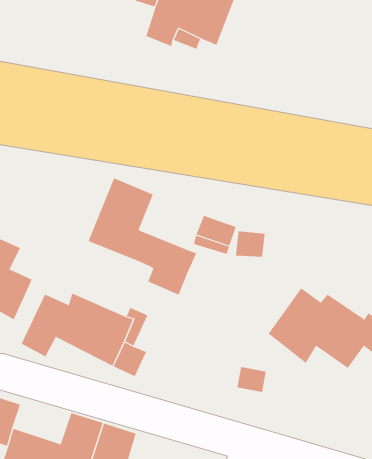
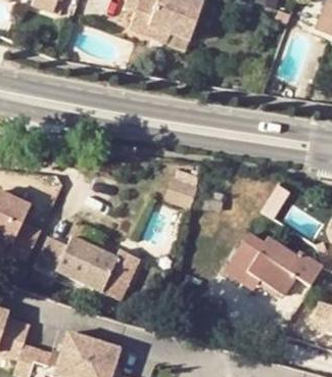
building: [88,178,197,296] -> none

